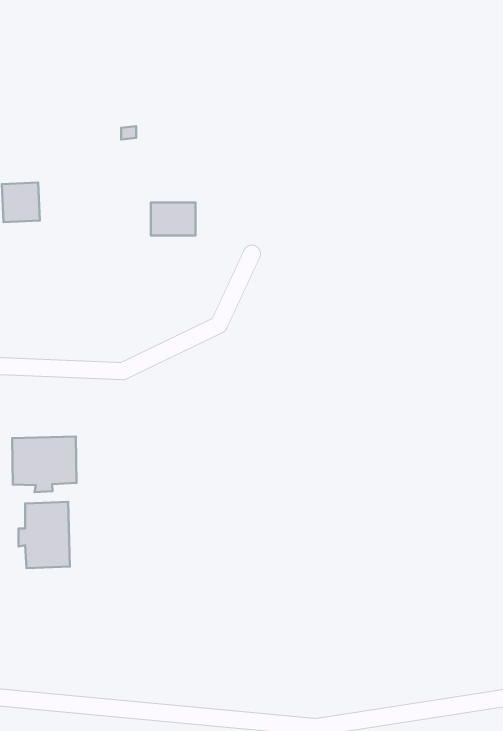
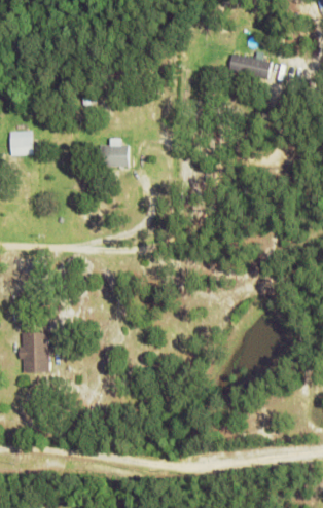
building: none -> [228,50,271,77]
building: [12,436,77,492] -> none

